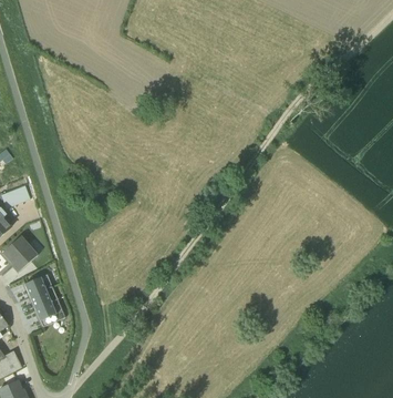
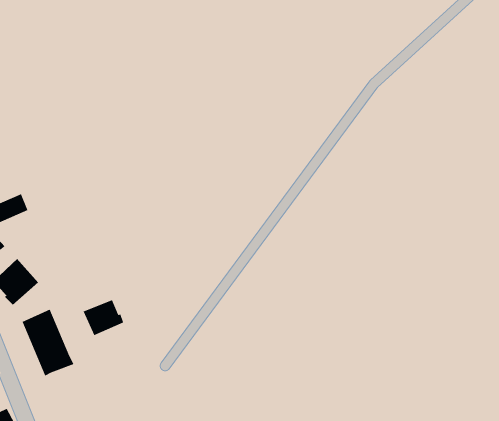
building: none -> [83,299,124,336]

